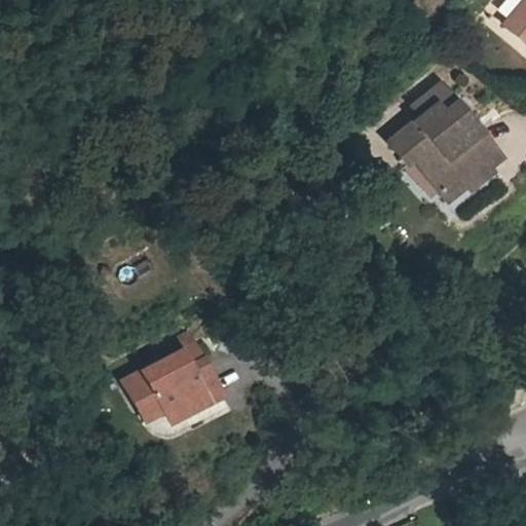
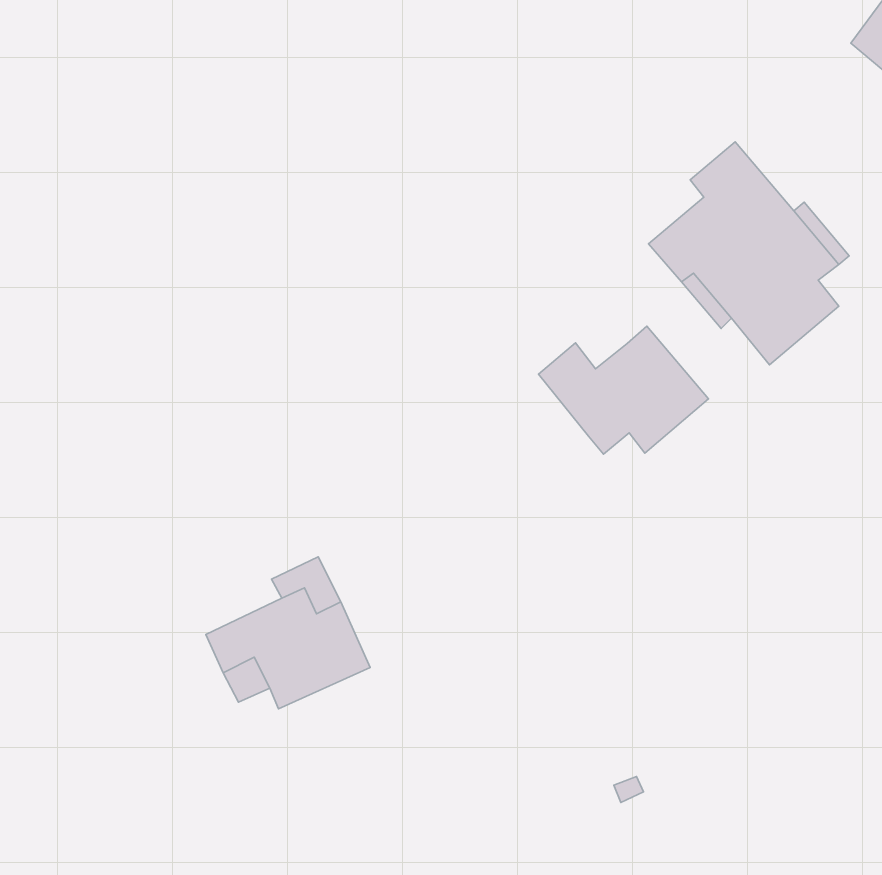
building: none -> [538,326,708,454]

